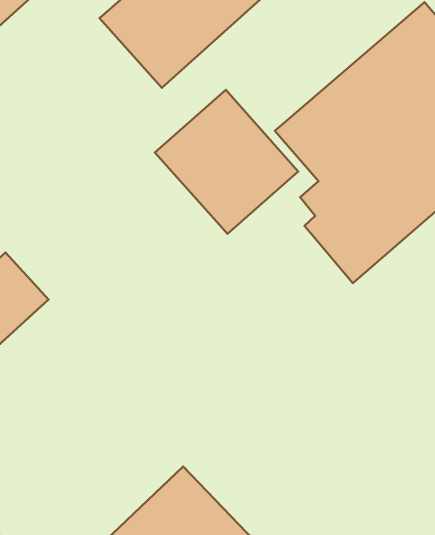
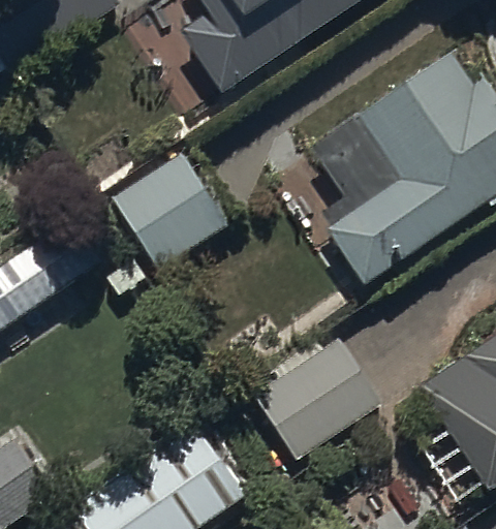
building: [155,90,298,234] -> [110,147,229,270]
building: none -> [252,338,379,458]

